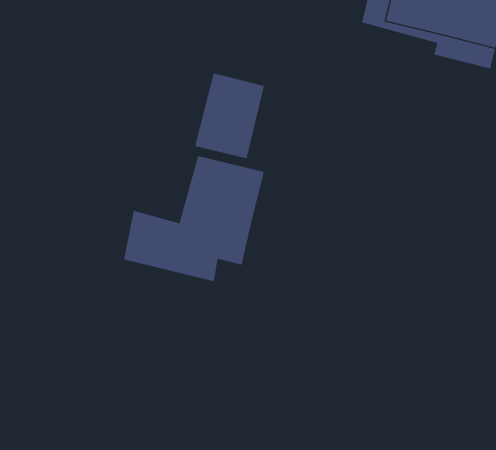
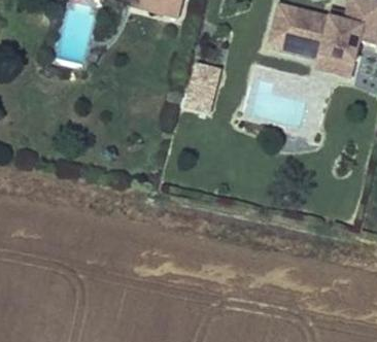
building: [123,155,265,282] -> none

